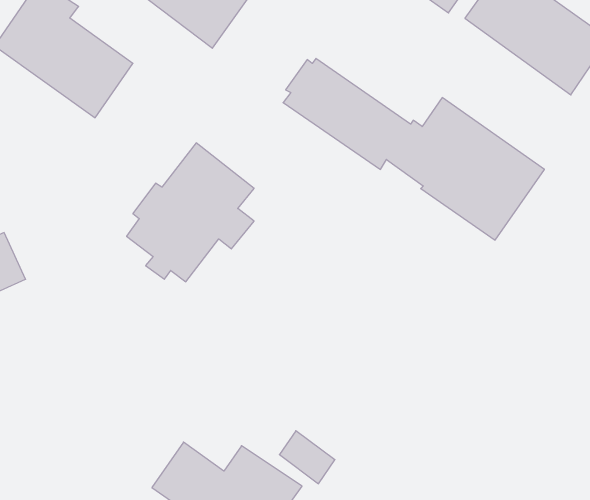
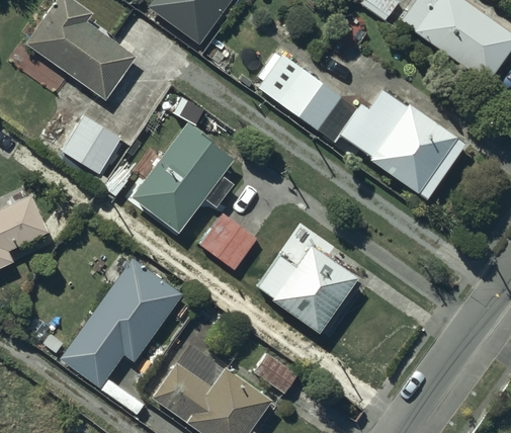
building: none -> [61,114,120,174]
building: none -> [198,212,257,270]
building: none -> [256,242,362,335]
building: none -> [59,257,183,388]

